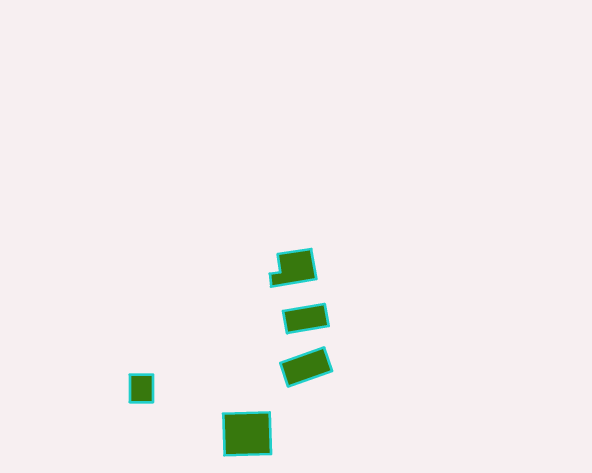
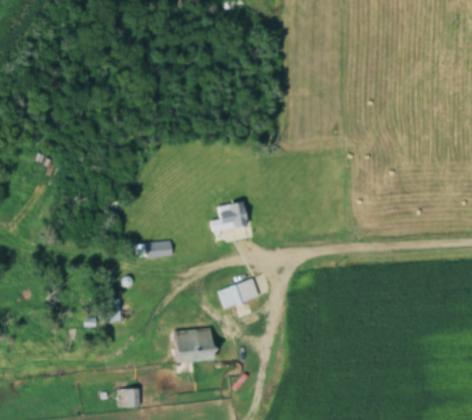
building: none -> [146,242,173,258]
building: [283,304,329,333] -> none

